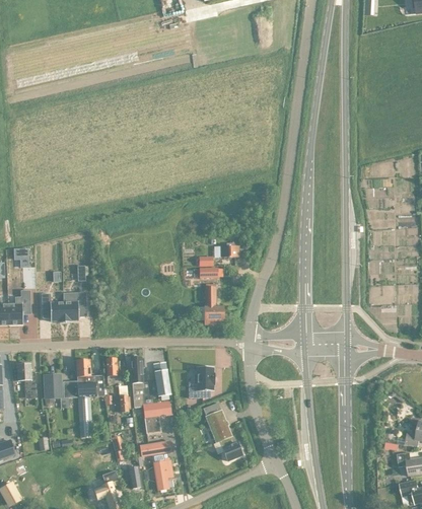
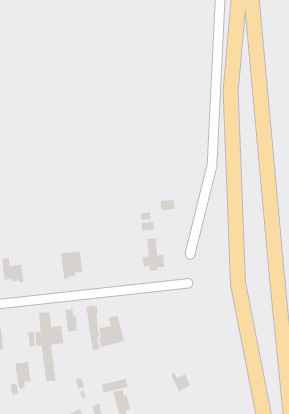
building: [62,293,85,323] -> [61,251,83,279]
building: [188,366,214,396] -> none
building: [43,374,60,406] -> [15,361,31,390]
building: [142,399,170,432] -> none
building: [203,402,230,442] -> none

